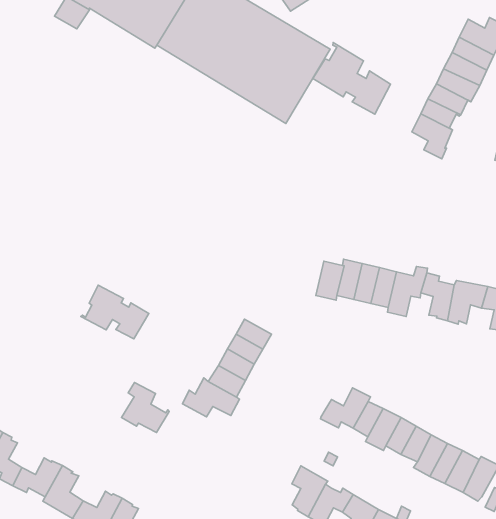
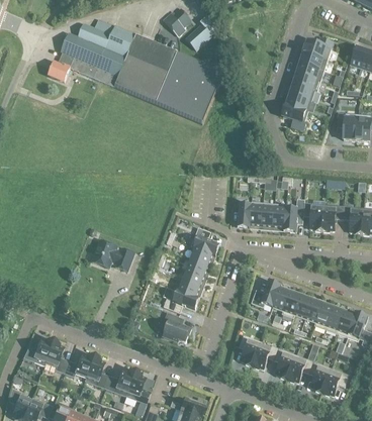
building: [313,43,391,114] -> none
building: none -> [190,228,219,256]
building: [122,382,169,432] -> [162,313,191,342]

